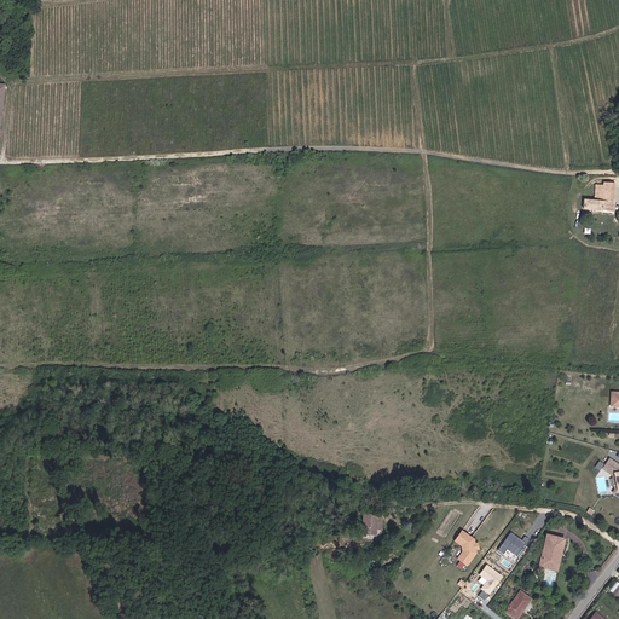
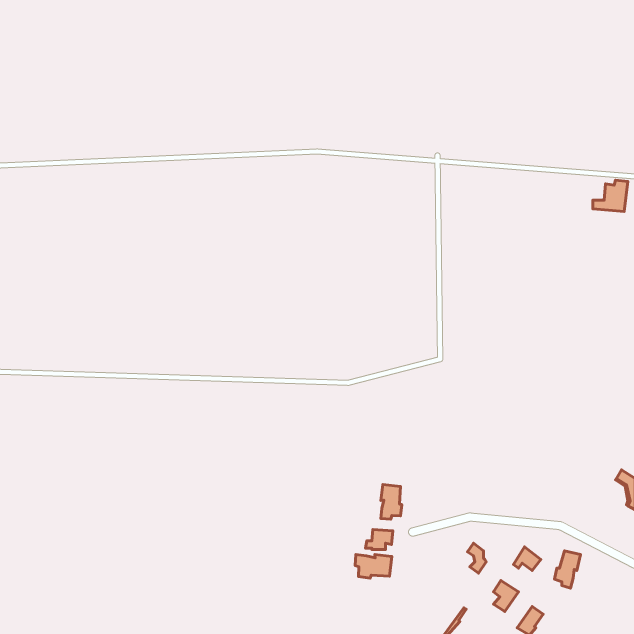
building: none -> [381,485,402,519]
building: none -> [355,554,392,578]

